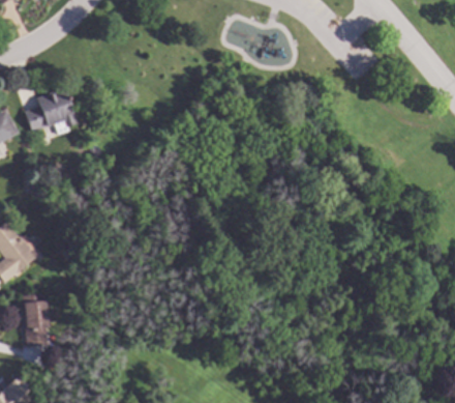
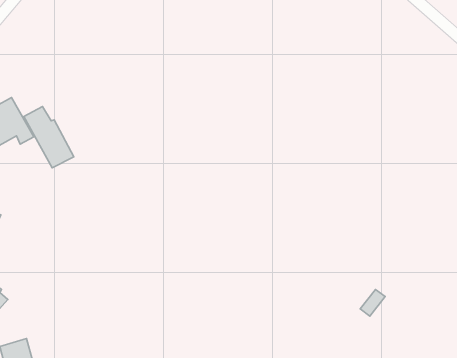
building: none -> [24,106,74,168]

